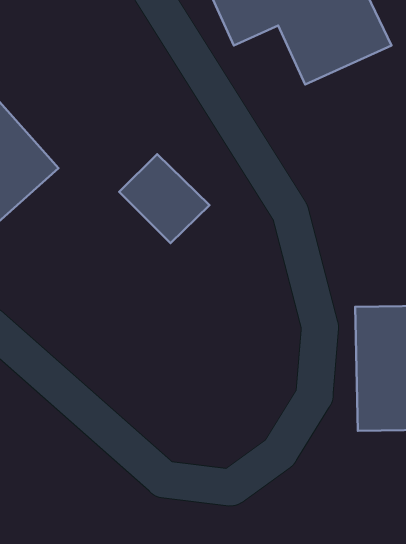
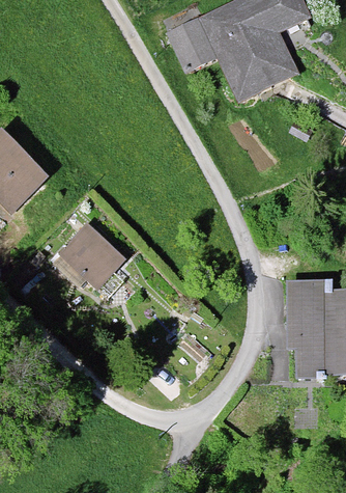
building: [119,154,210,243] -> [59,221,128,290]

